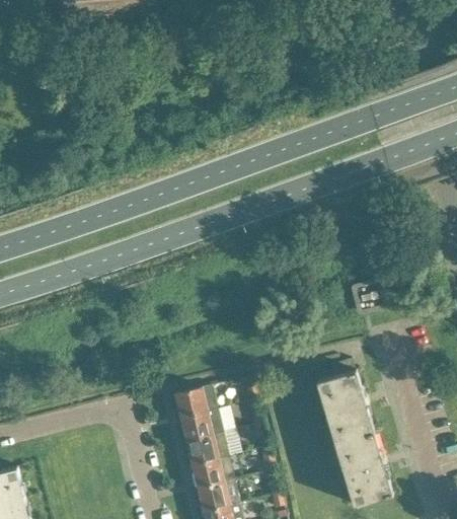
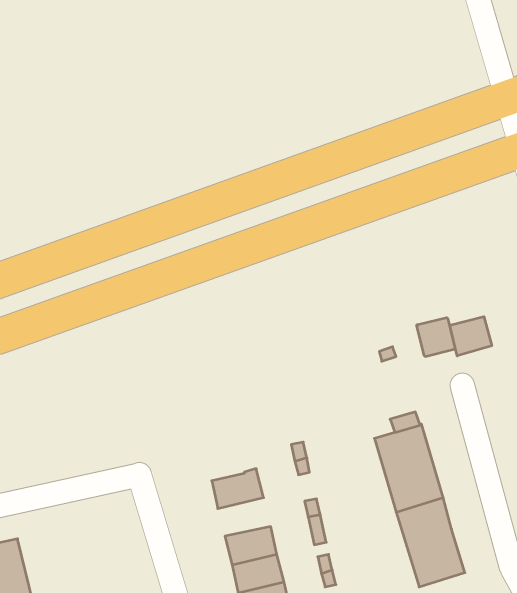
building: none -> [450,317,492,356]
building: [172,387,215,420] -> none
building: [183,434,228,466] -> none

